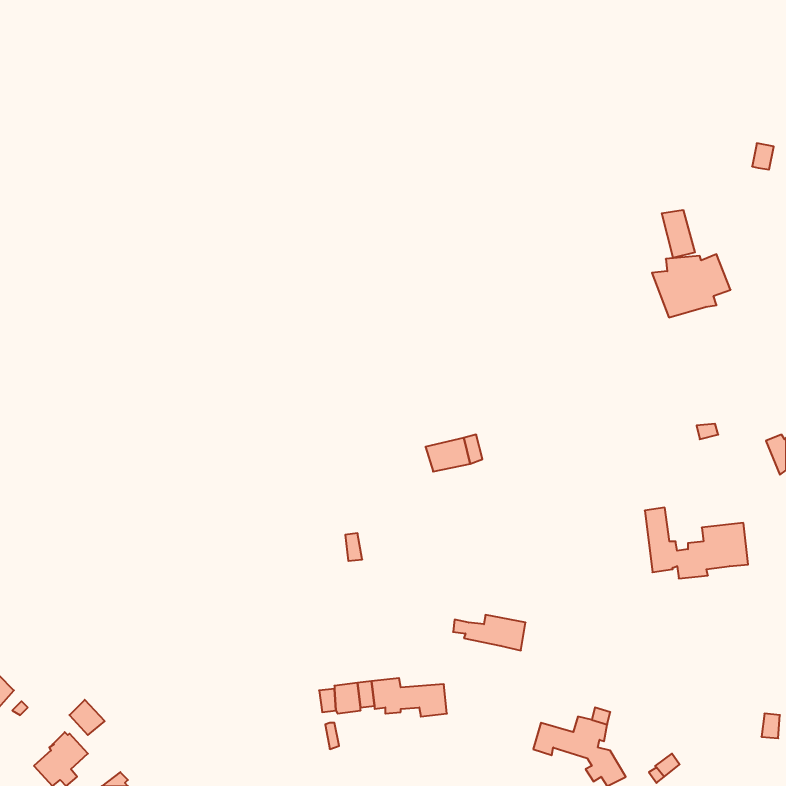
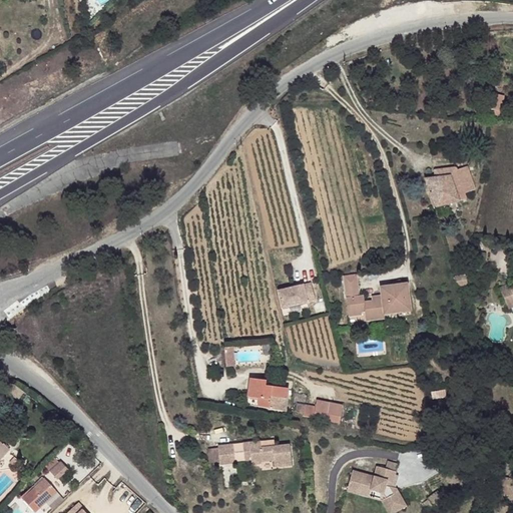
building: [662,210,695,258] -> none
building: [645,508,748,578] -> [343,274,410,320]
building: none -> [245,378,288,412]

